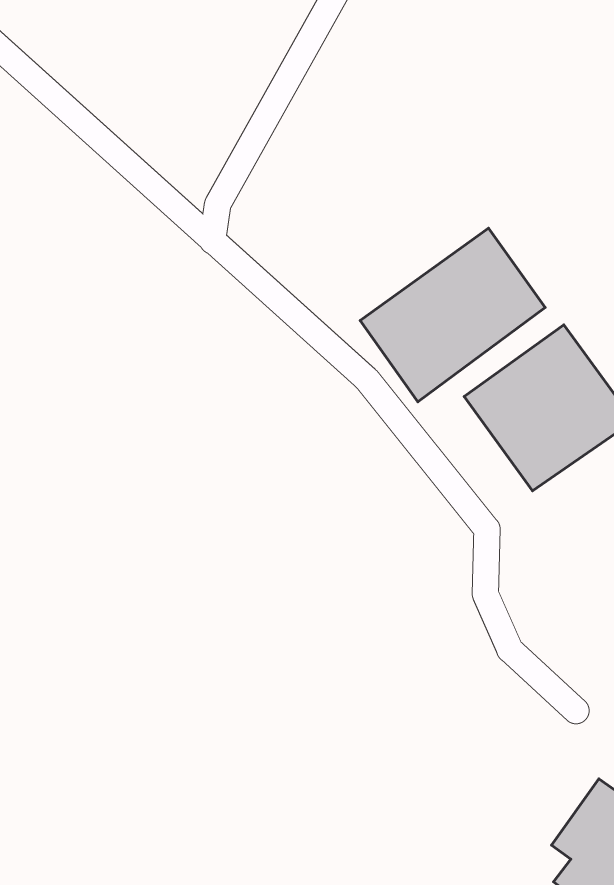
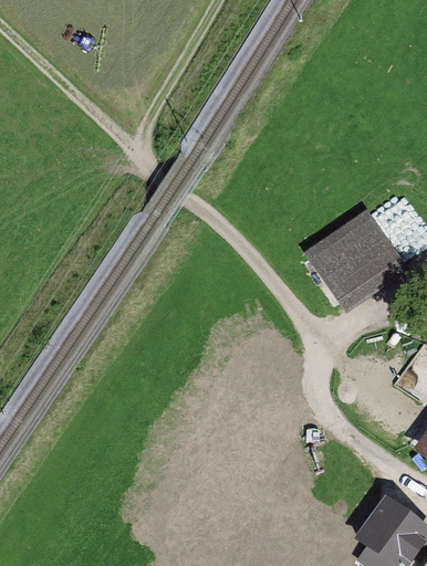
building: [360,228,545,402] -> none

